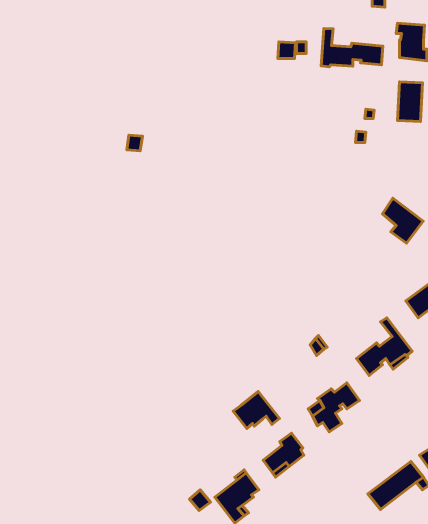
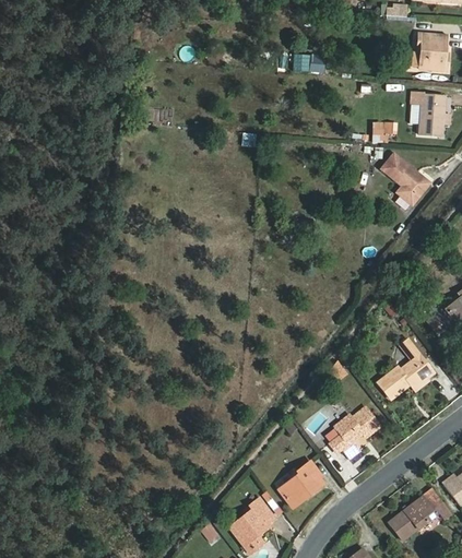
building: [321,29,383,67] -> none
building: [382,198,423,243] -> [388,157,430,204]
building: [233,392,280,428] -> none

